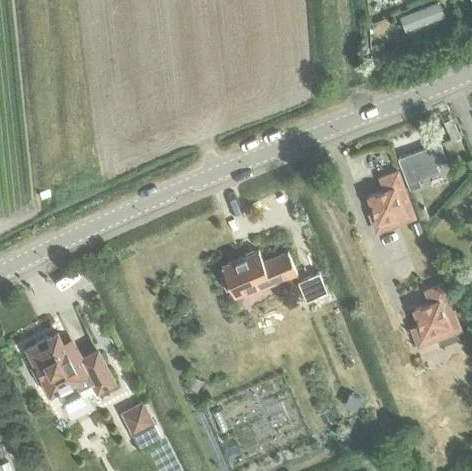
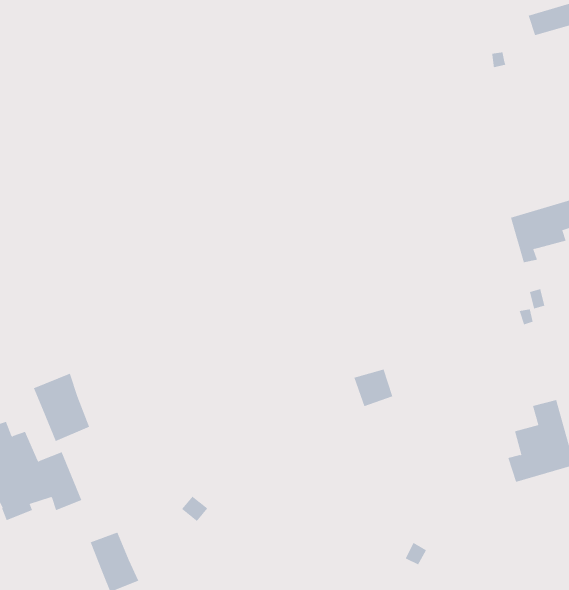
building: [368,172,414,232] -> none
building: [222,251,297,299] -> none
building: none -> [33,373,90,442]

